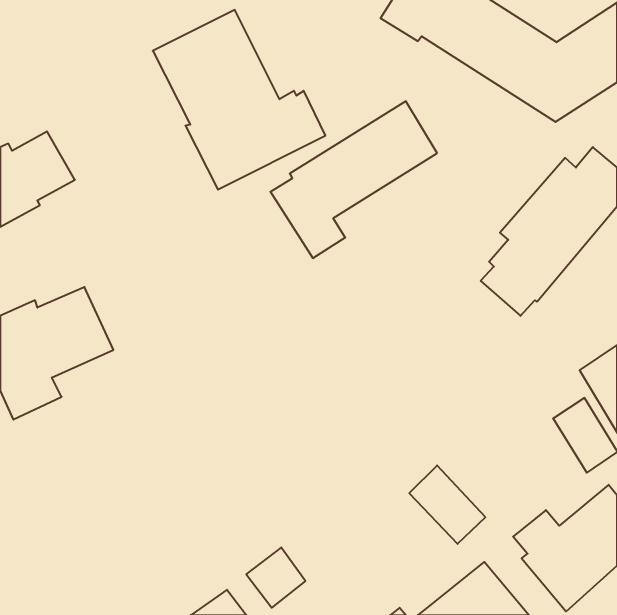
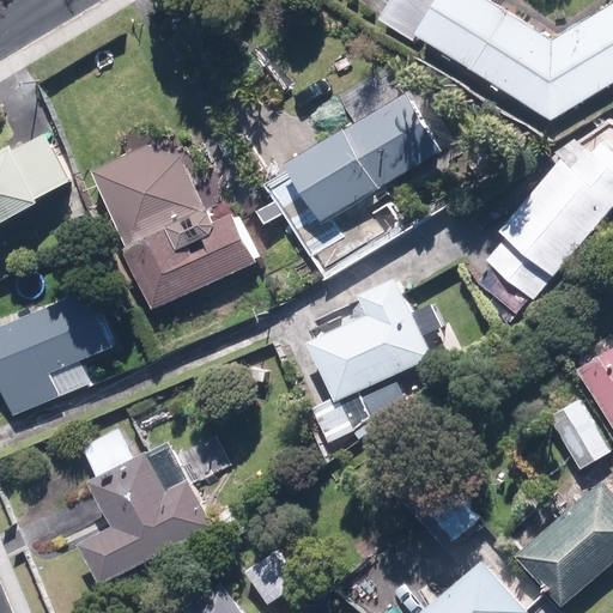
building: [153,10,325,190] -> [90,133,261,311]
building: none -> [304,280,447,461]
building: none -> [79,426,213,584]

